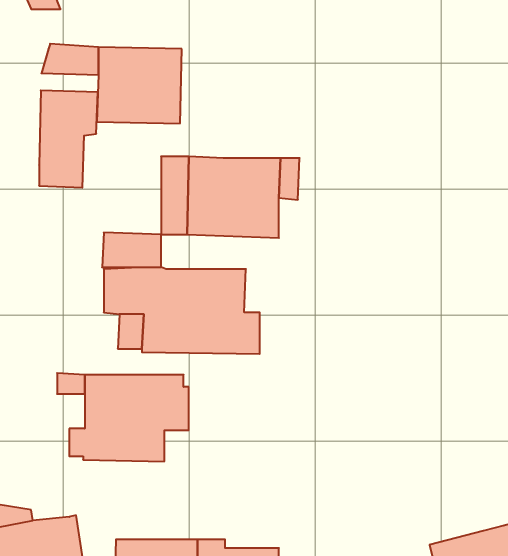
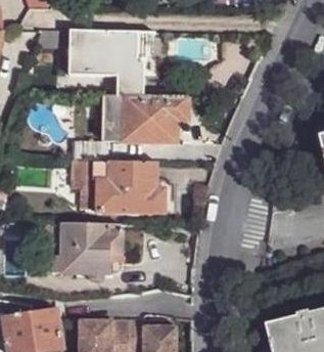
building: [39,90,98,188] -> [118,32,152,89]

